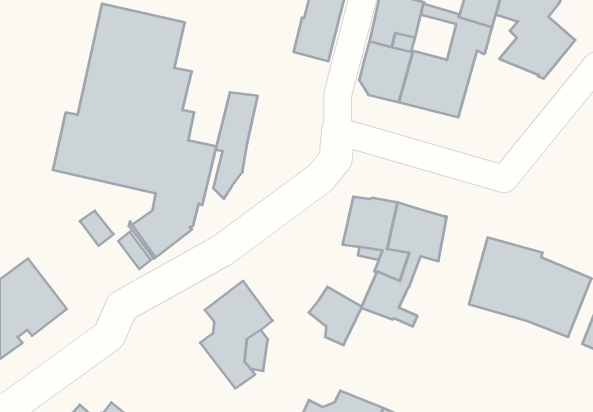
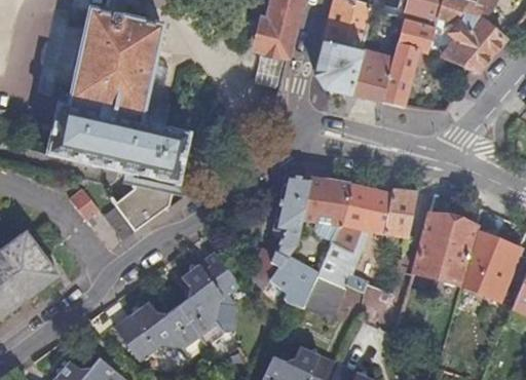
building: [213,92,258,199] -> [272,174,311,267]
building: none -> [386,189,418,237]
building: none -> [304,274,346,315]
building: none -> [114,301,208,359]

